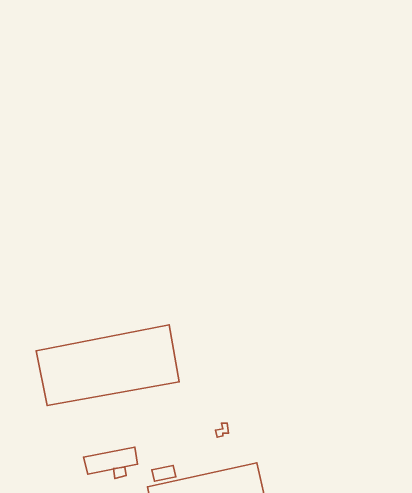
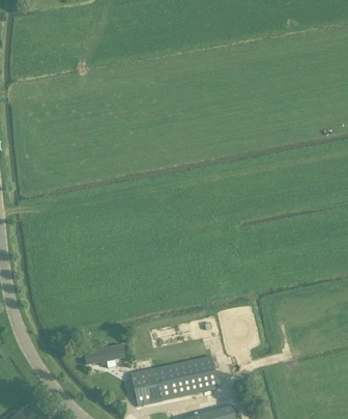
building: [36,325,179,405] -> none

